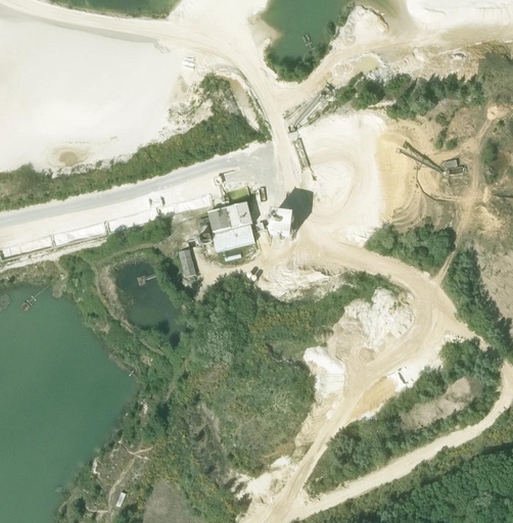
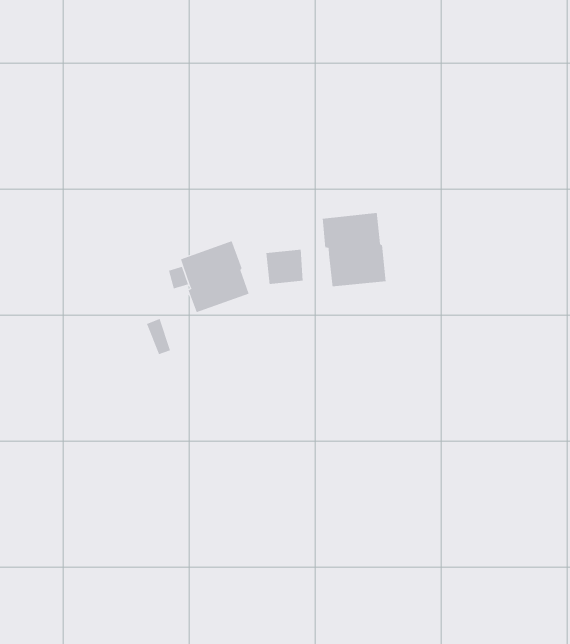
building: none -> [322,212,386,287]

